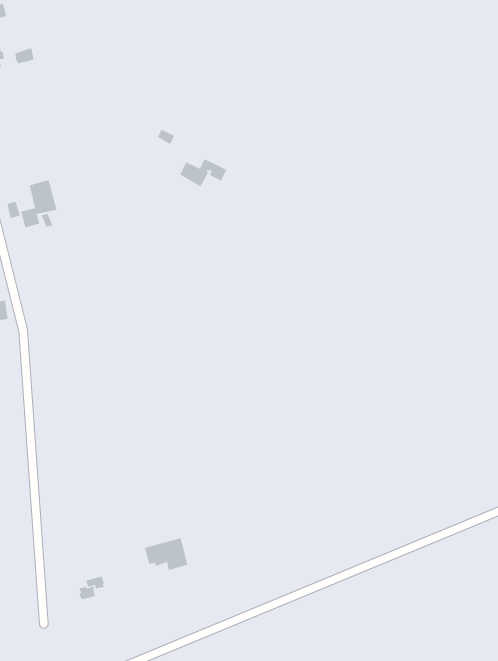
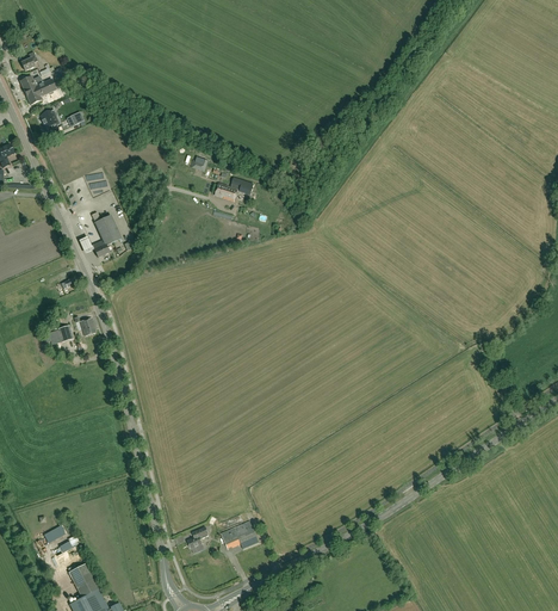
building: [144,537,189,571] -> [221,520,259,549]

